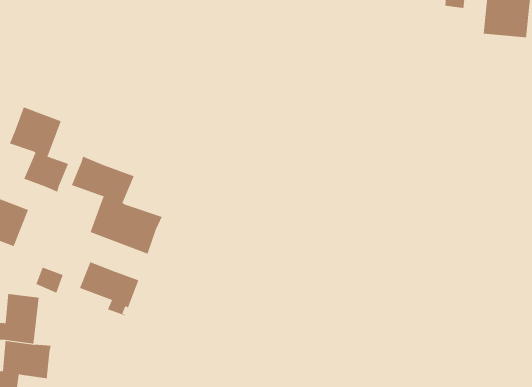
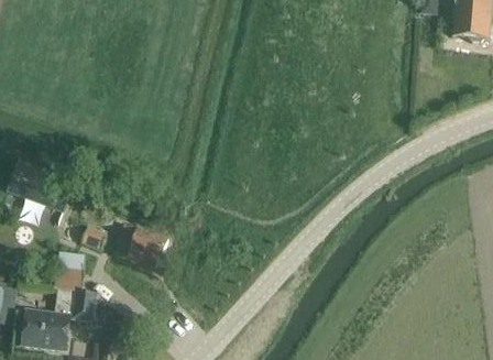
building: [9,107,69,193] -> none
building: [71,156,162,254] -> none

